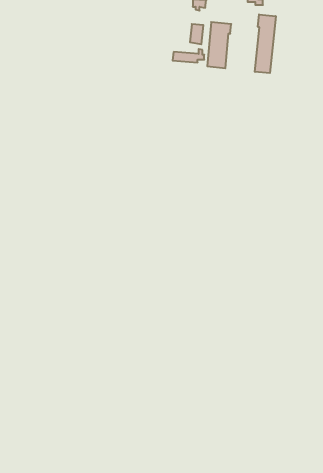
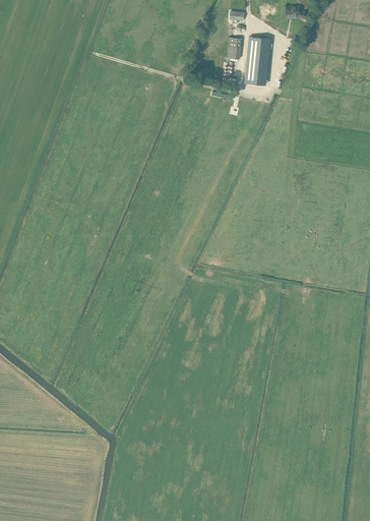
building: [255,14,276,73] -> none

